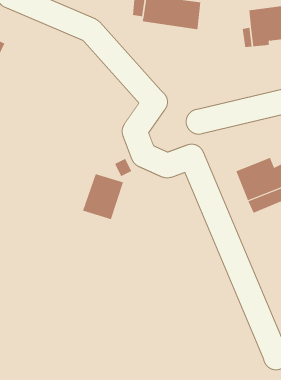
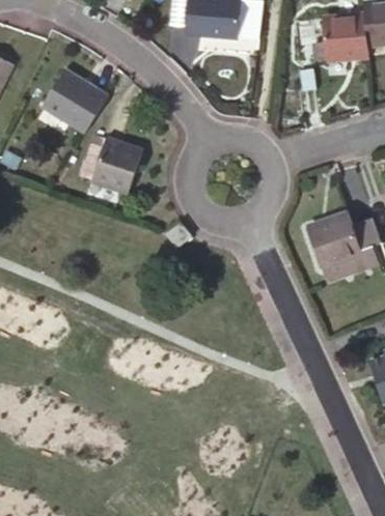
building: none -> [42,68,106,133]
building: [82,173,124,220] -> [90,134,143,193]

